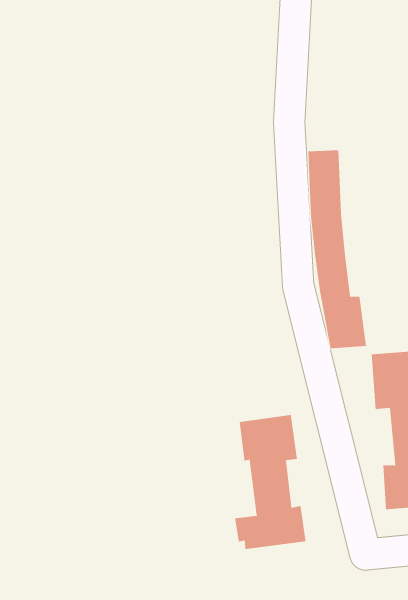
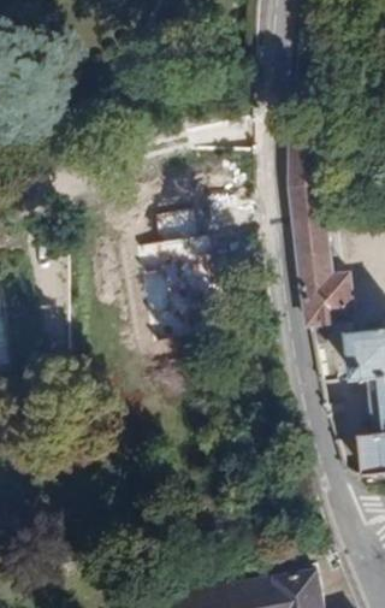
building: [234,414,306,550] -> none

